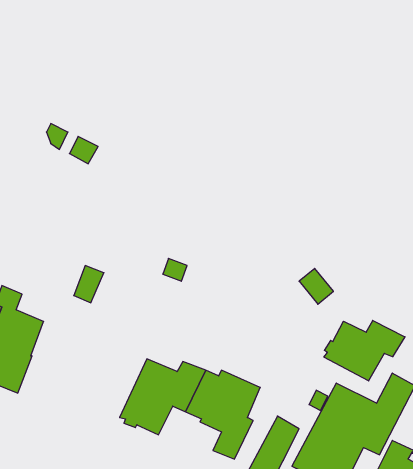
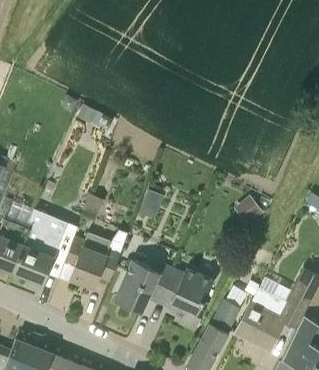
building: none -> [64,230,127,288]
building: [324,320,405,381] -> none

